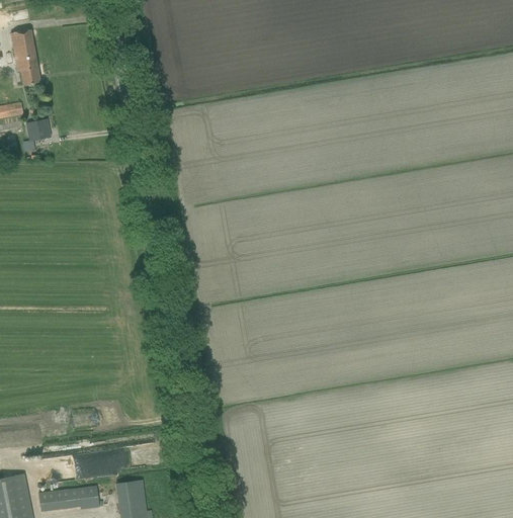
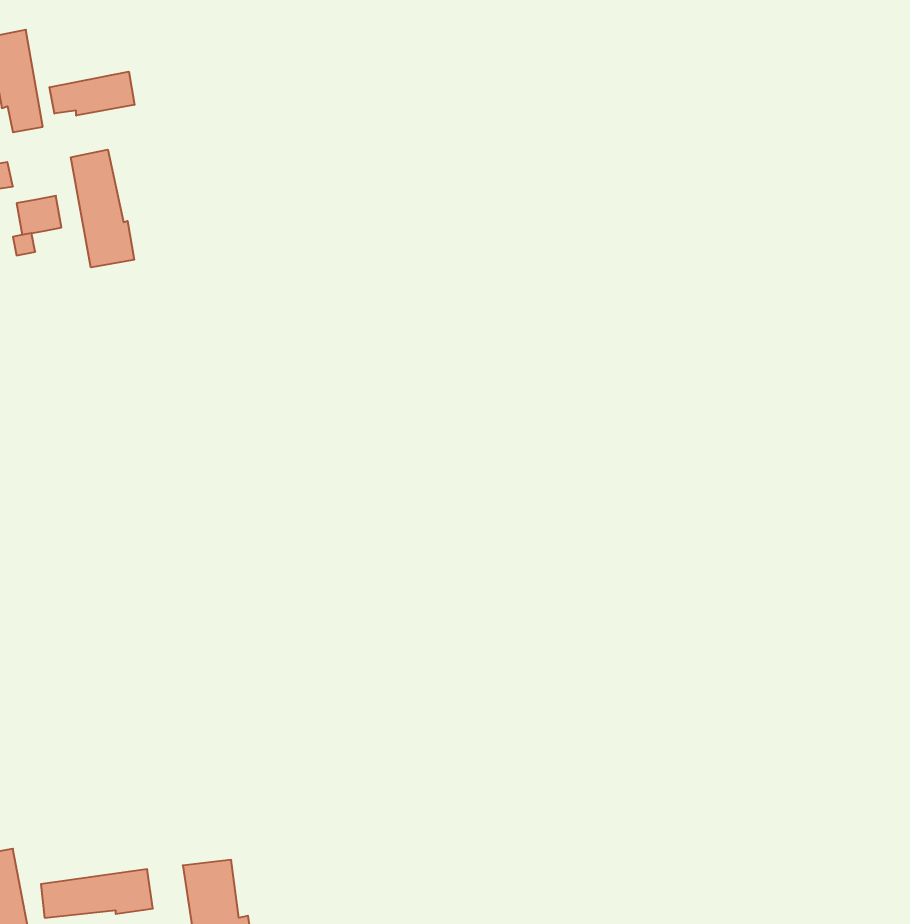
building: none -> [50,72,134,116]
building: none -> [71,150,134,267]

